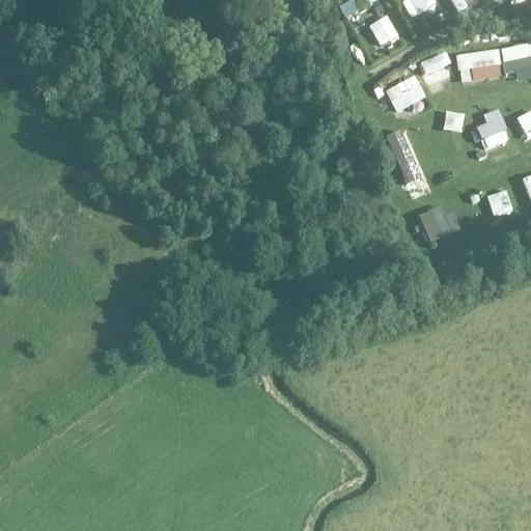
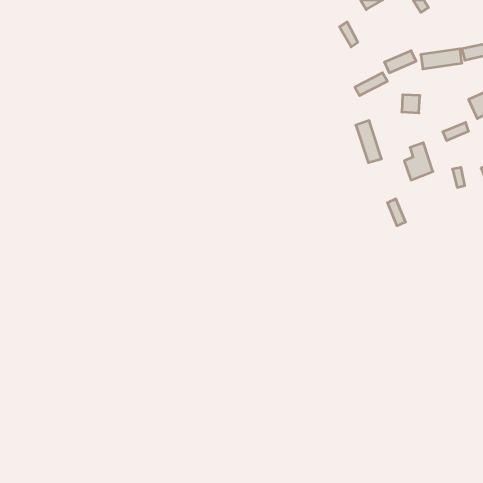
building: [475,106,506,146] -> [404,143,433,180]

